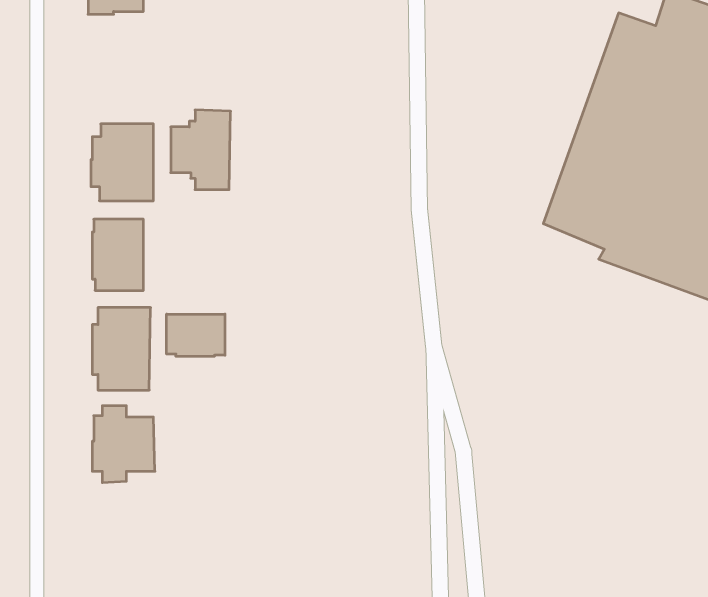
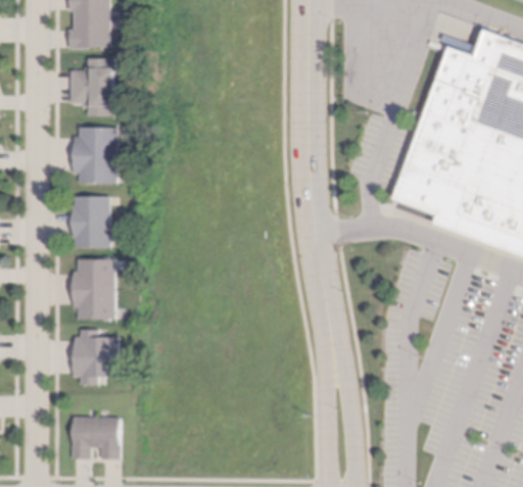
building: [171,110,231,190] -> [70,57,113,114]
building: [167,314,225,356] -> none
building: none -> [73,418,120,458]

